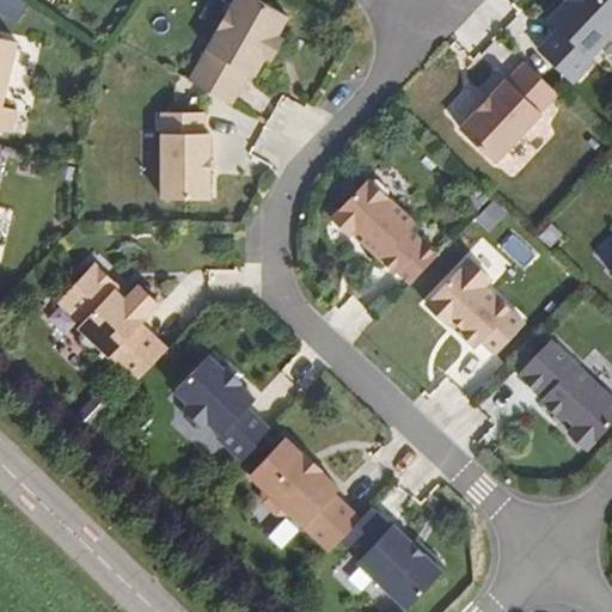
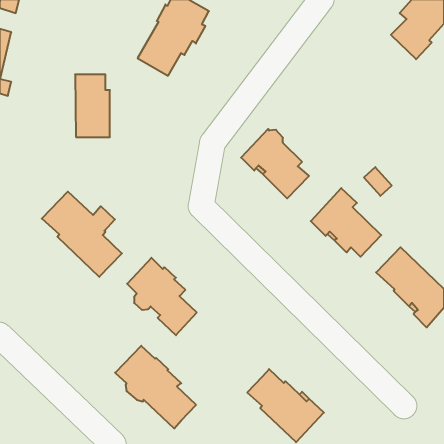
building: [460,62,557,161] -> none
building: [161,111,209,197] -> [75,74,110,137]
building: [249,436,360,550] -> [115,346,196,428]

